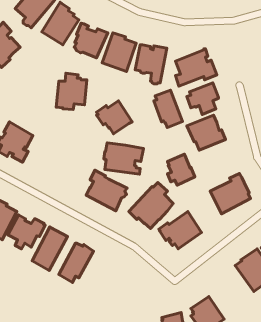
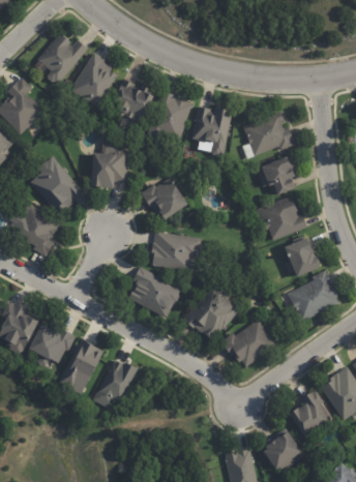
building: none -> [29,155,82,211]
building: [154,90,183,128] -> none
building: [167,154,195,185] -> [284,237,319,276]
building: none -> [288,389,331,436]

